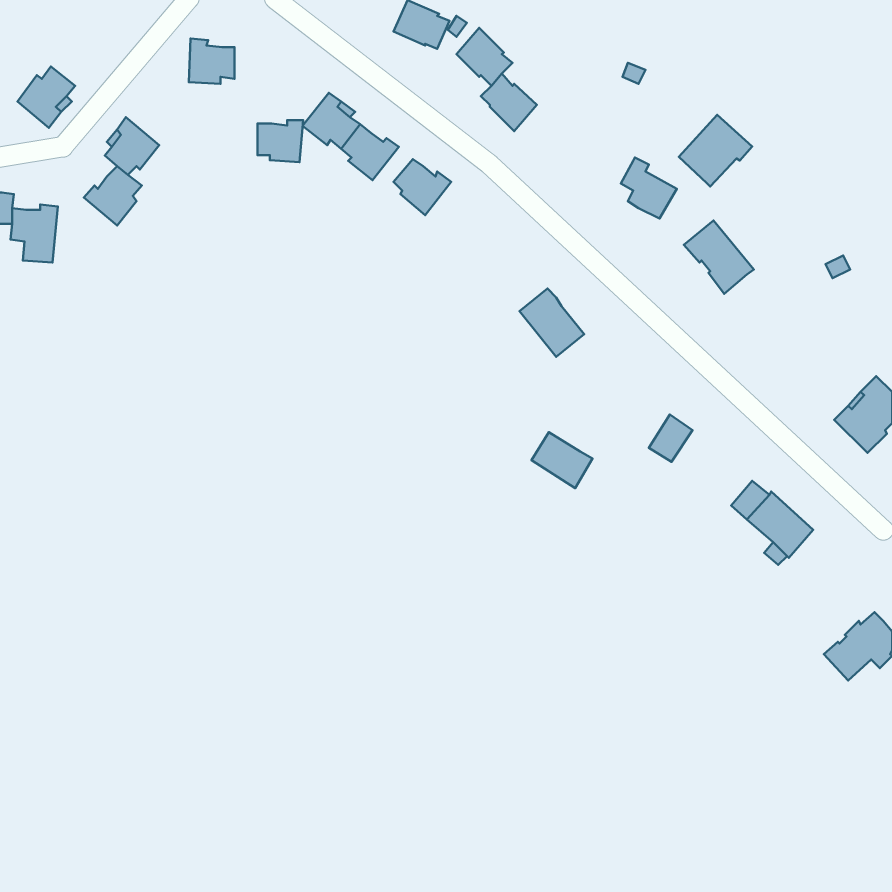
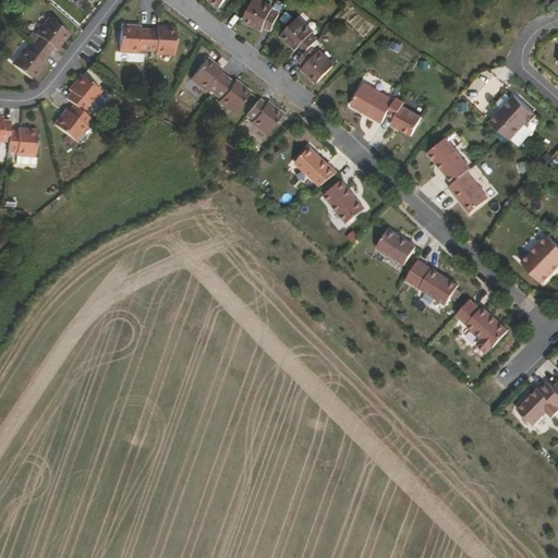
building: none -> [32,17,68,53]
building: [679,115,752,187] -> [489,95,535,140]
building: [258,120,303,162] -> [146,27,174,53]
building: none -> [351,84,395,123]
building: none -> [290,144,336,185]
building: none -> [447,171,486,213]
building: none -> [418,268,458,304]
building: [531,432,593,488] -> [376,229,414,264]

